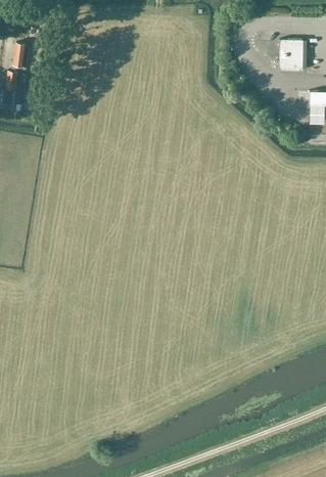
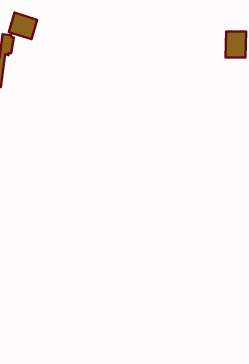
building: none -> [9,13,37,39]

